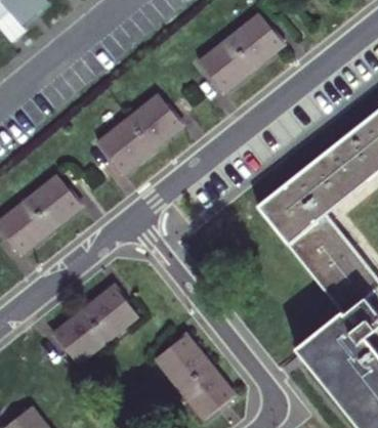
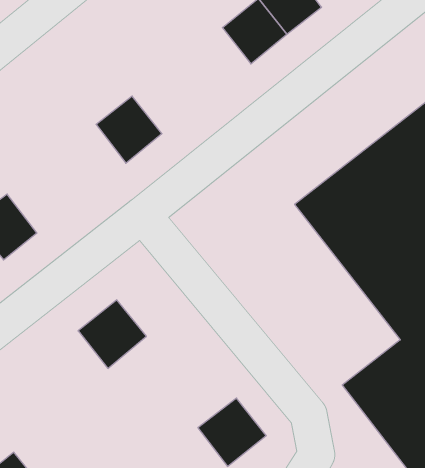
building: [127,96,179,149] -> none
building: [28,173,81,228] -> none
building: [55,306,108,358] -> none
building: [157,331,210,383] -> none

